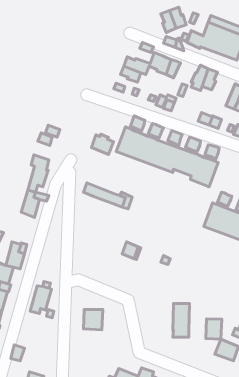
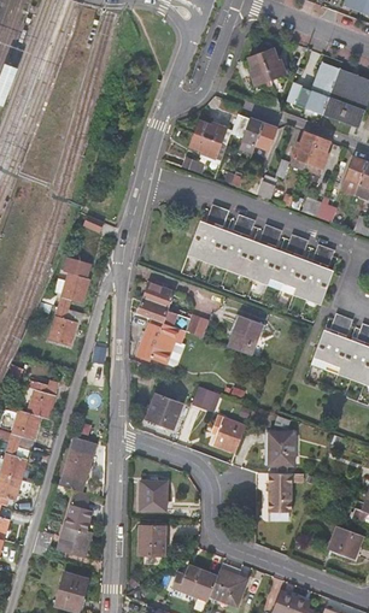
building: [92,134,113,154] -> [143,279,175,308]
building: none -> [227,314,262,354]
building: none -> [136,318,186,363]
building: none -> [148,391,186,429]
building: none -> [212,413,245,450]
building: none -> [268,431,293,465]
building: [206,319,222,339] -> none
building: none -> [55,499,92,552]
building: none -> [139,523,166,554]

